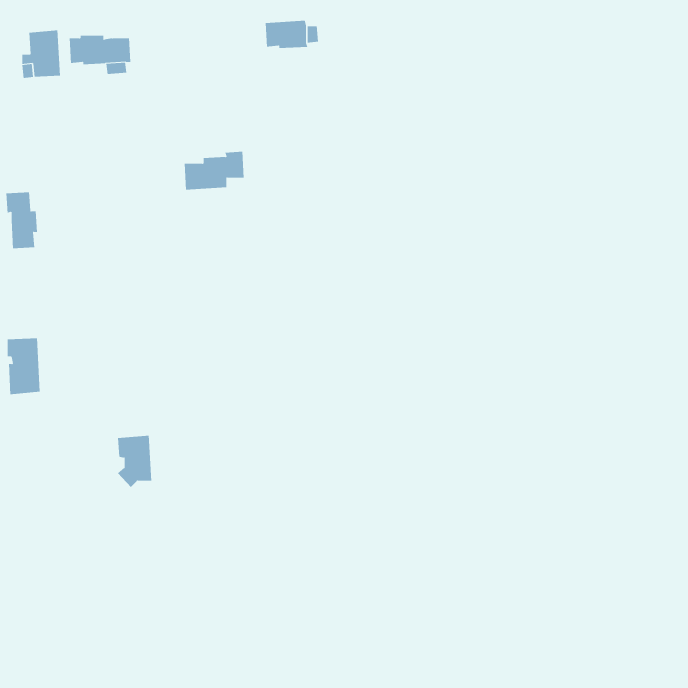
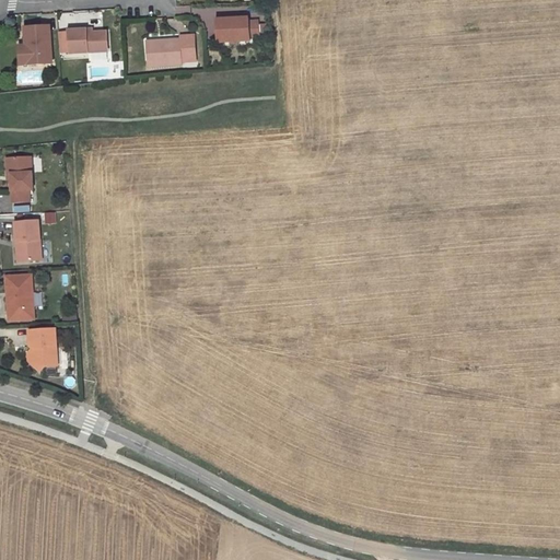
building: [184,151,245,190] -> [145,33,195,65]
building: none -> [13,220,38,260]
building: [117,435,152,488] -> [27,327,56,370]

